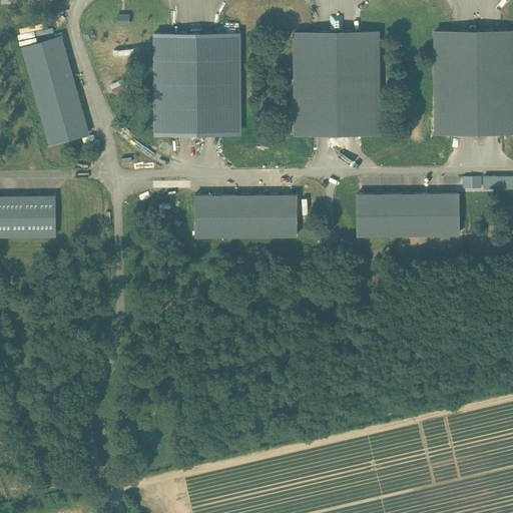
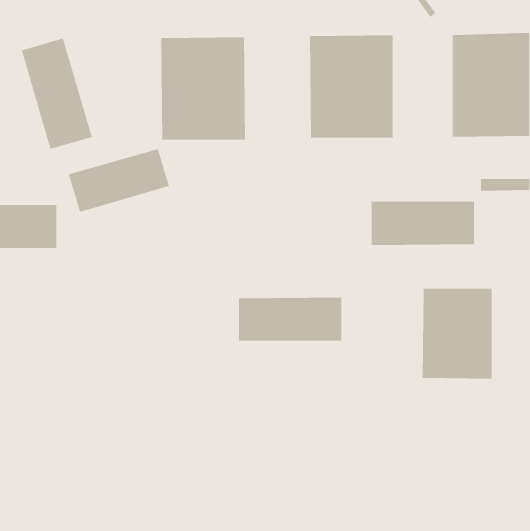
building: none -> [68,148,170,213]
building: [196,195,297,238] -> [238,297,342,341]
building: none -> [422,288,492,379]

